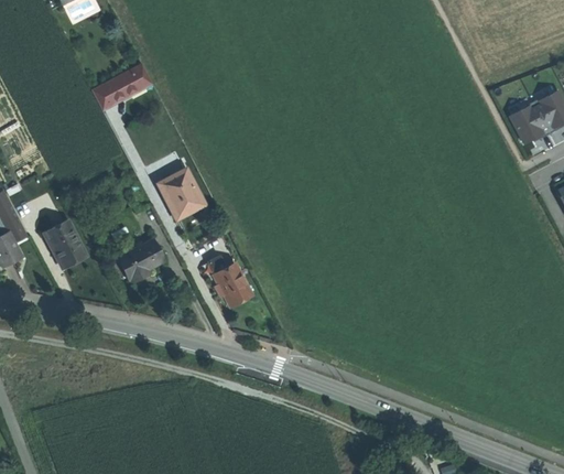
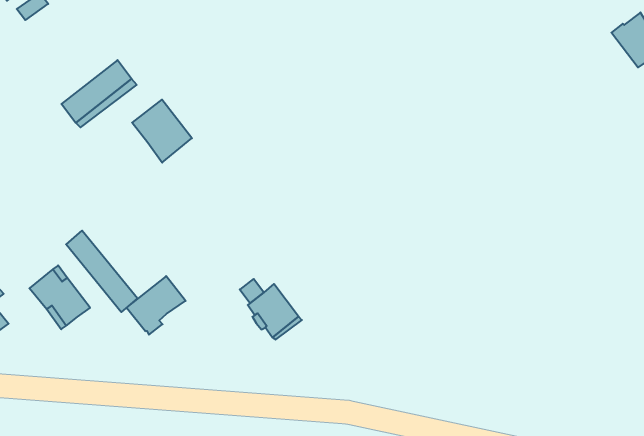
building: [510,105,550,147] -> none
building: [158,168,203,217] -> [132,100,192,163]
building: none -> [66,231,137,312]

